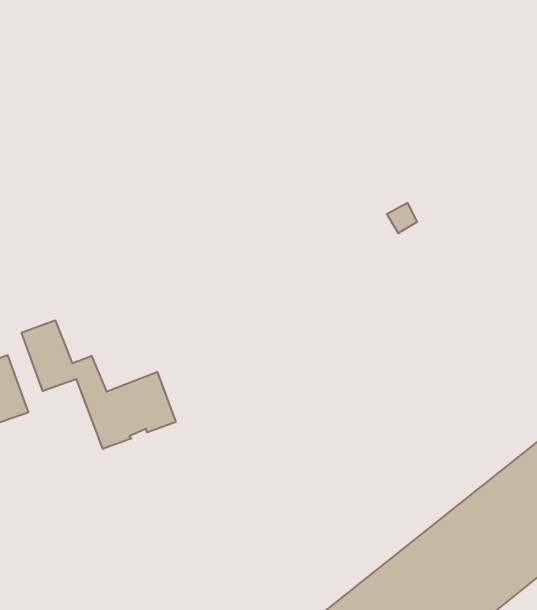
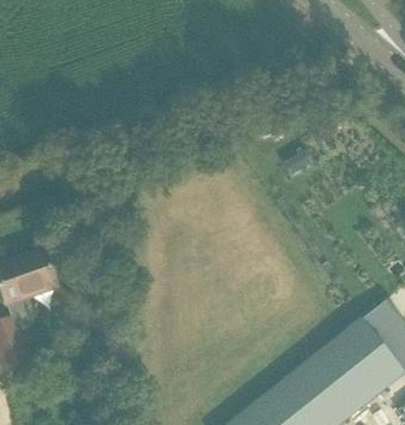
building: [22,320,176,449] -> none

